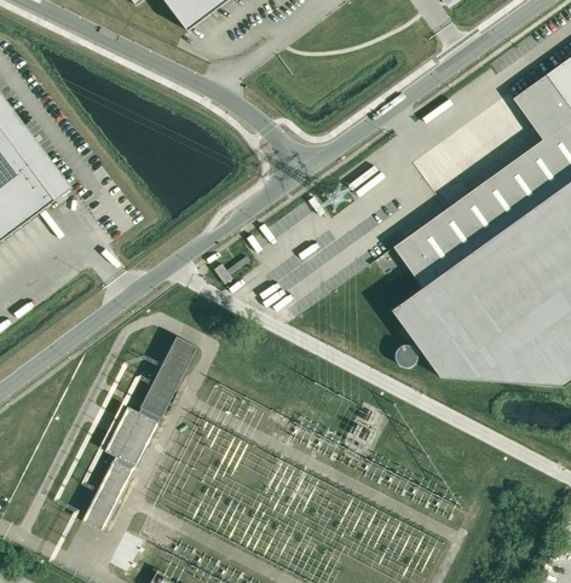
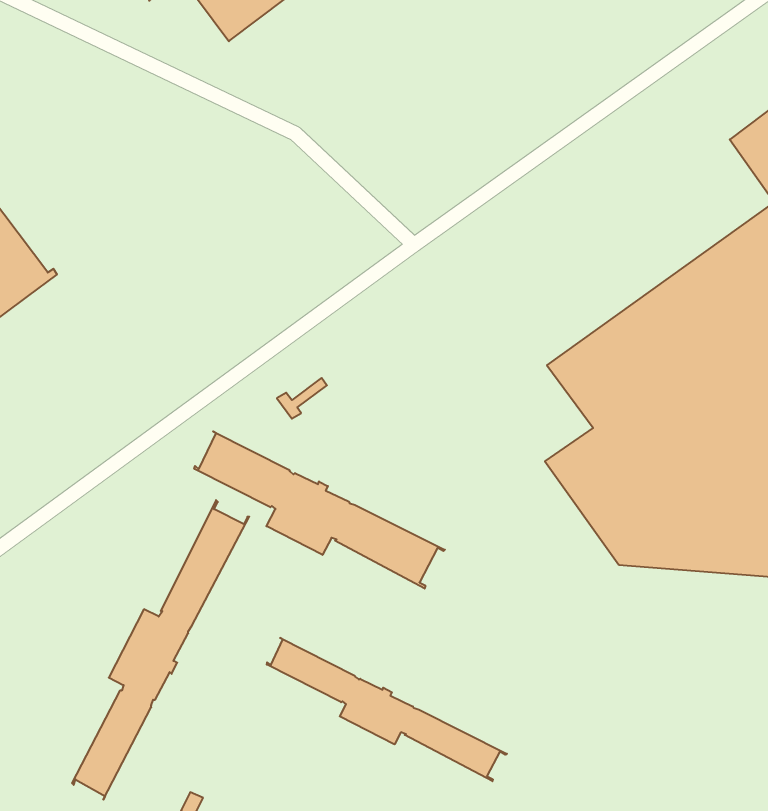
building: none -> [194,431,445,589]
building: none -> [267,638,507,781]

